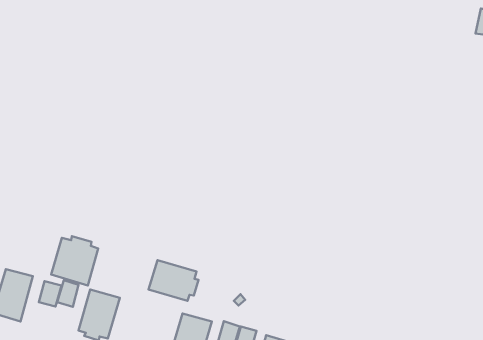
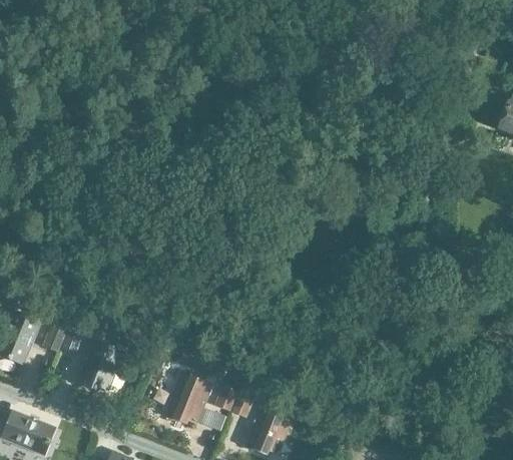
building: [51,236,98,285] -> none
building: [149,260,199,301] -> none

